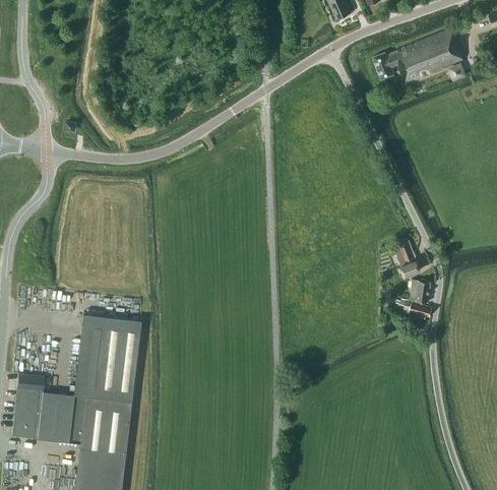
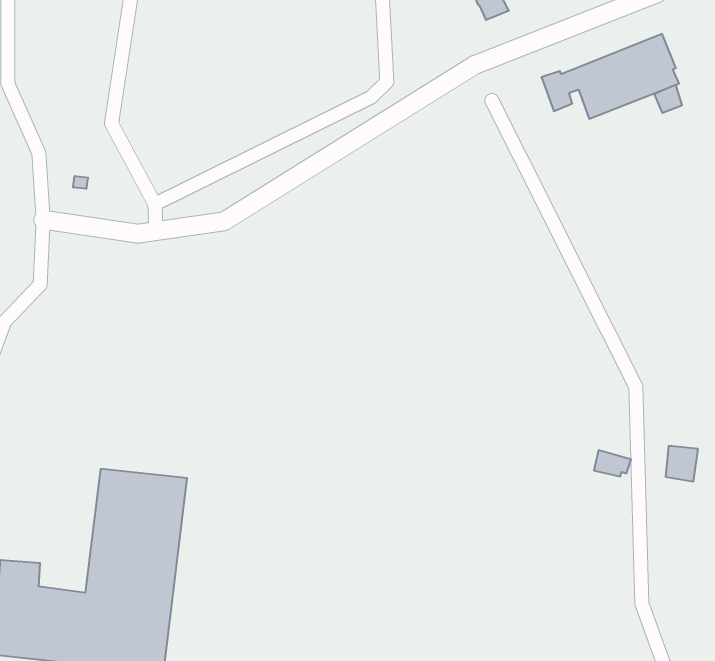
building: [395,237,421,275] -> none
building: [411,279,432,302] -> [666,446,698,481]

